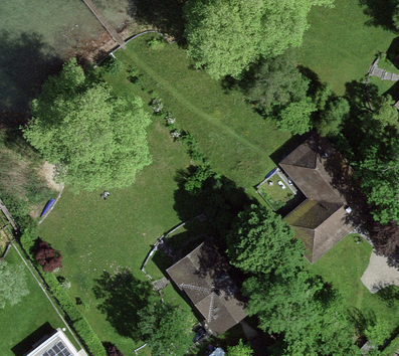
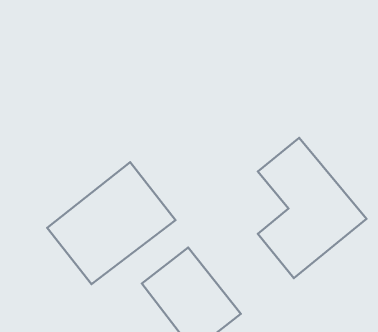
building: none -> [47,162,175,284]

